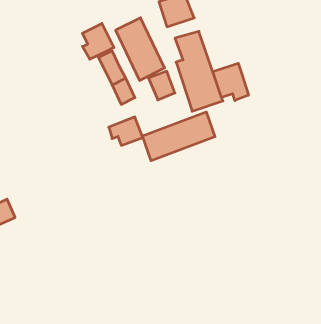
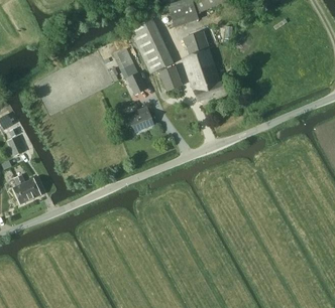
building: [82,23,114,59] -> none
building: [213,63,248,101] -> none
building: [142,112,215,161] -> none

